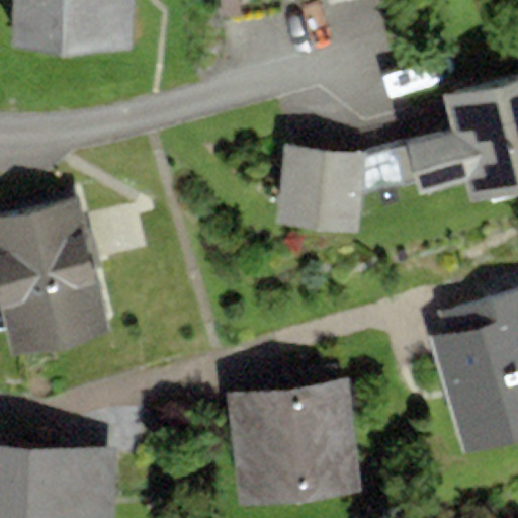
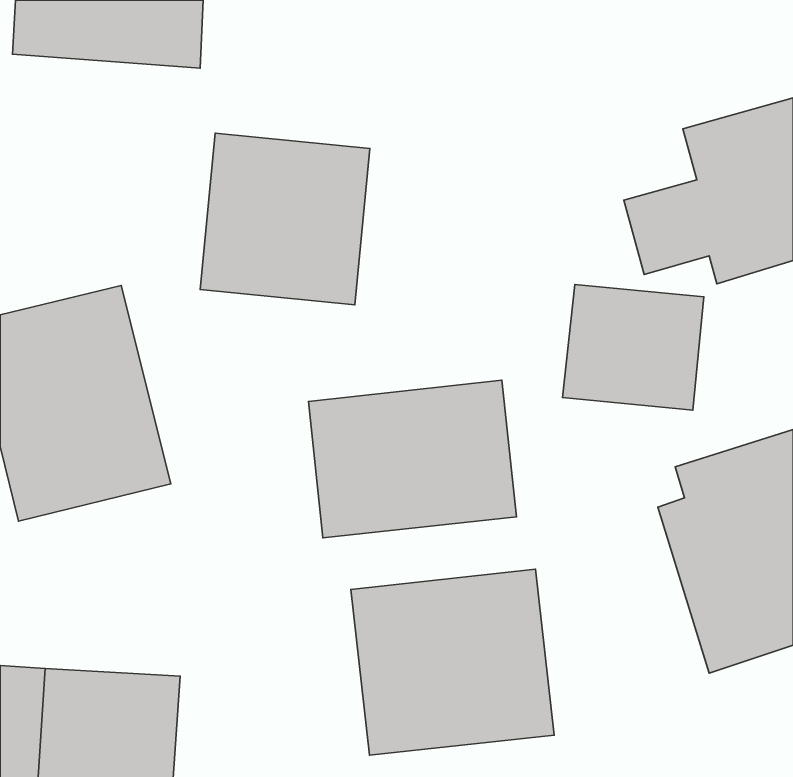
building: none -> [200,133,370,305]
building: [277,147,369,229] -> [563,284,704,410]
building: none -> [309,380,516,538]

